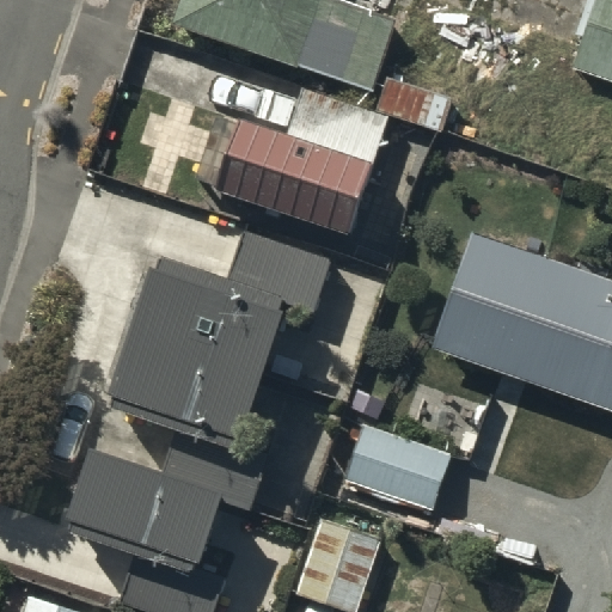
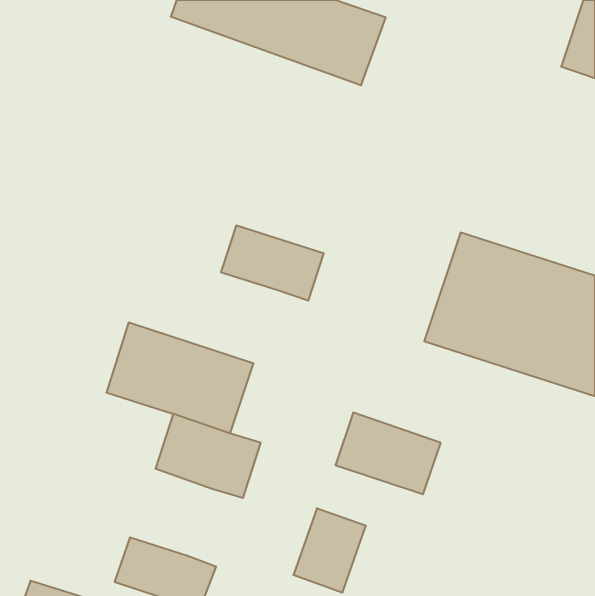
building: [219,122,371,232] -> none
building: [131,257,283,373] -> none
building: [65,458,216,570] -> none

